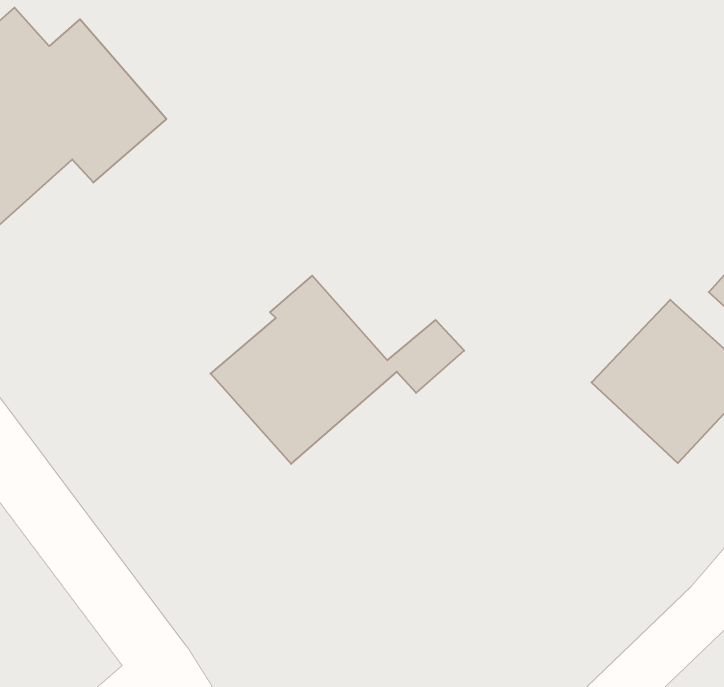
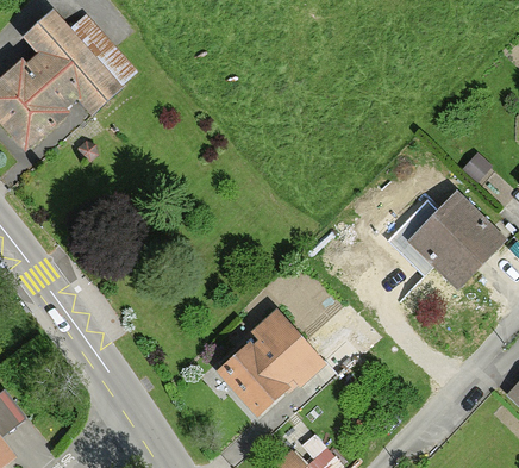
building: [210,276,464,464] -> [211,307,368,424]

